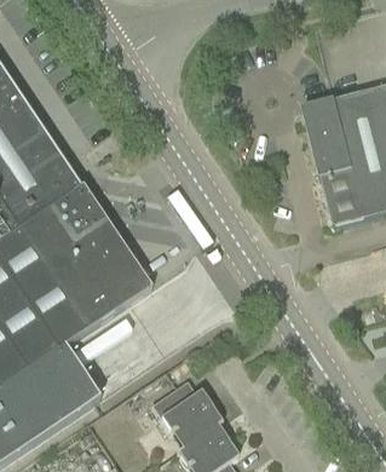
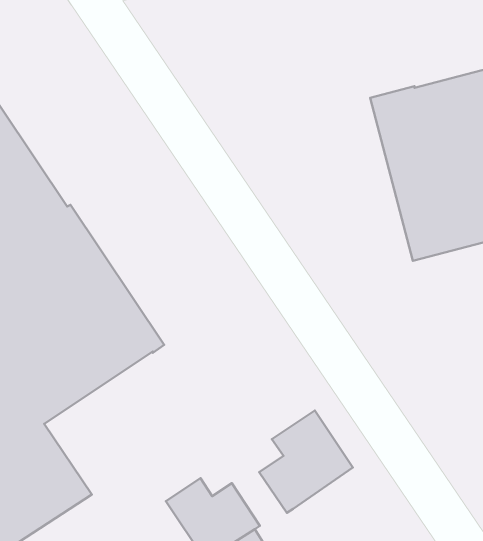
building: none -> [259,410,353,513]

